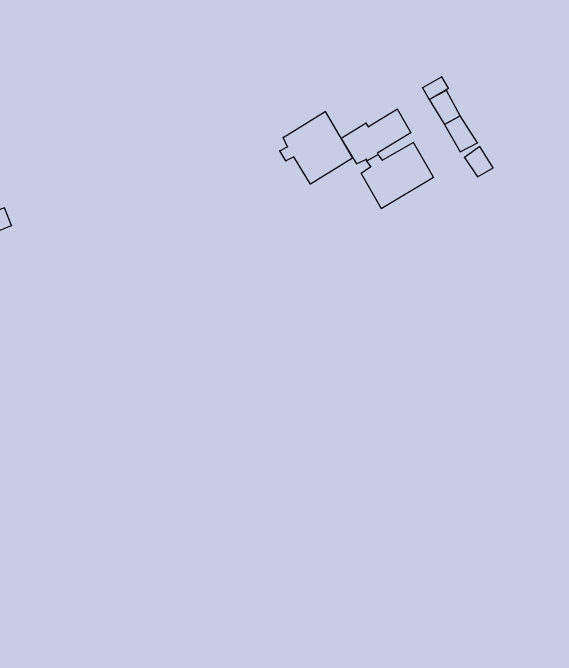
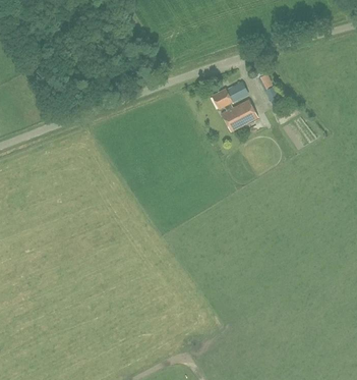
building: [280,112,353,184] -> none

